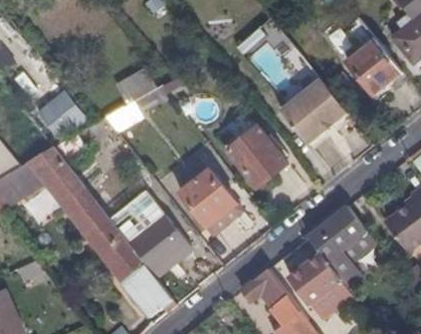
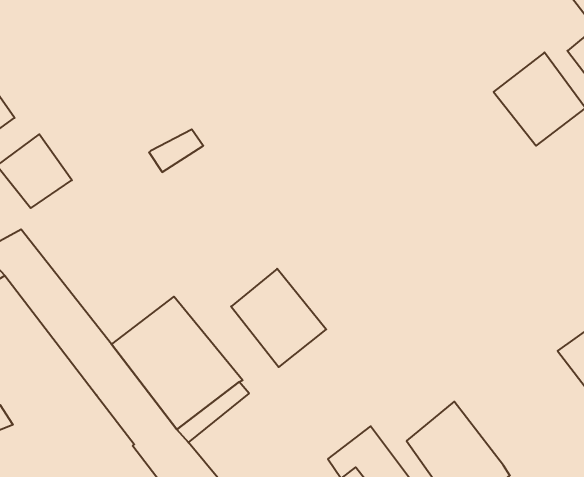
building: [278,81,346,147] -> none
building: [228,128,286,188] -> none
building: [308,207,383,293] -> none

